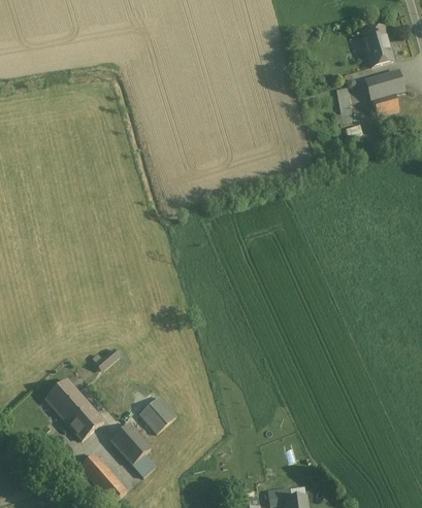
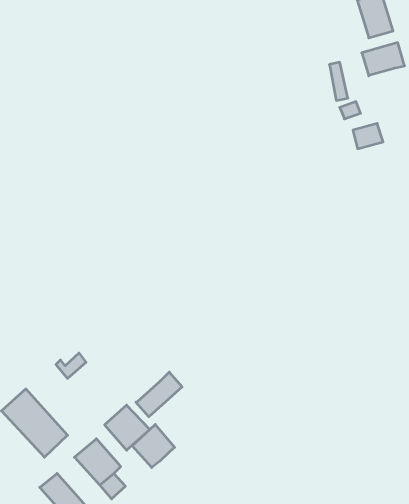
building: [372,93,399,115] -> [353,123,383,149]
building: none -> [136,372,182,417]
building: none -> [132,424,175,468]

